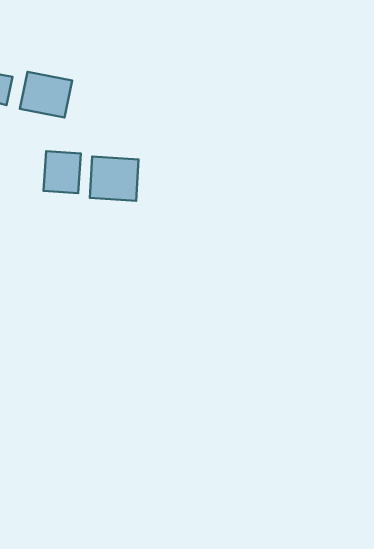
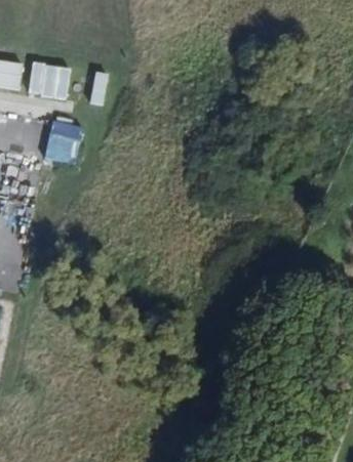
building: [90,157,139,201] -> none

